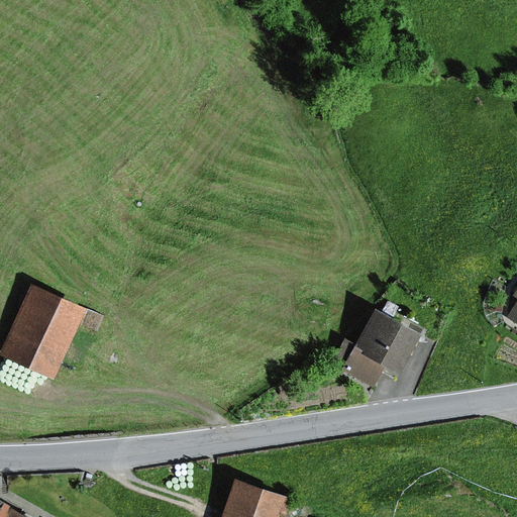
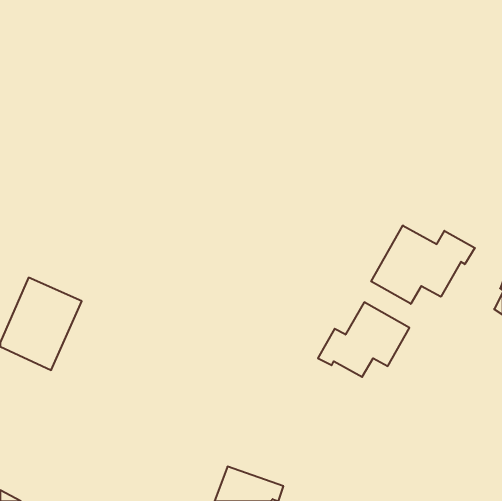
building: none -> [371,225,475,304]

